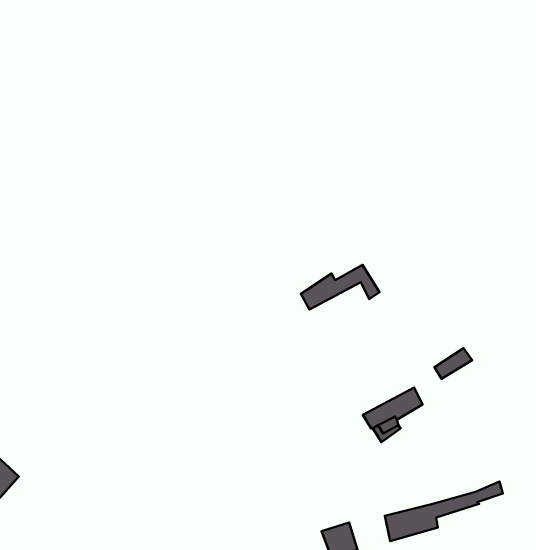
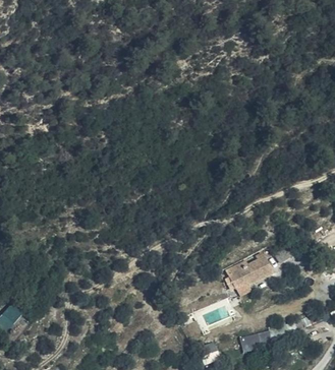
building: [301,265,380,309] -> [224,252,271,279]

